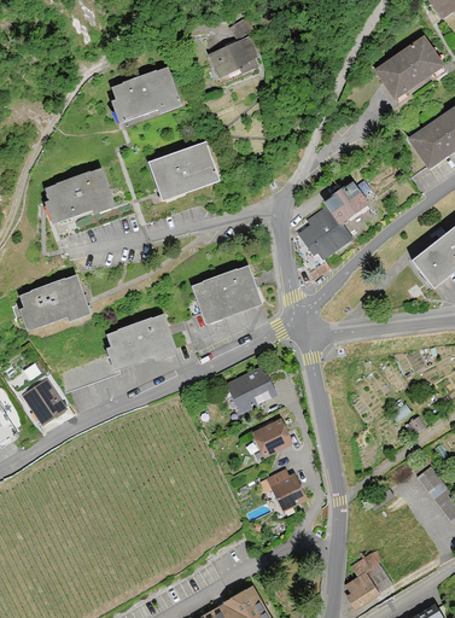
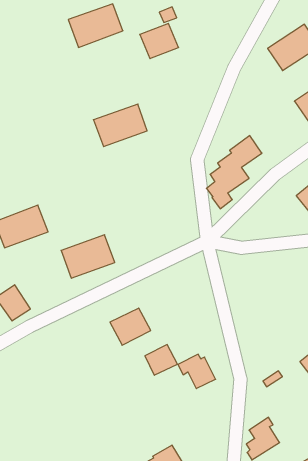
building: [110,66,181,123] -> [68,4,123,47]
building: [45,168,115,223] -> none
building: [192,266,262,320] -> none
building: [224,366,278,414] -> [110,308,151,345]
building: [251,418,293,457] -> [145,345,177,375]

